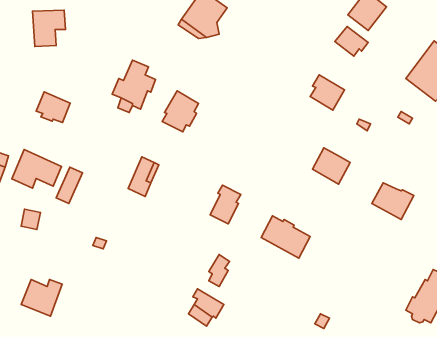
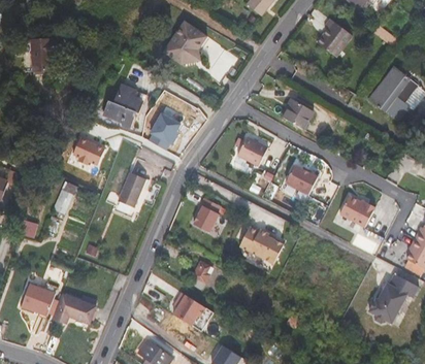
building: [335,26,368,56] -> none
building: [36,92,70,122] -> [74,136,105,164]
building: none -> [236,135,268,166]
building: [12,149,62,188] -> none
building: none -> [54,294,96,323]

